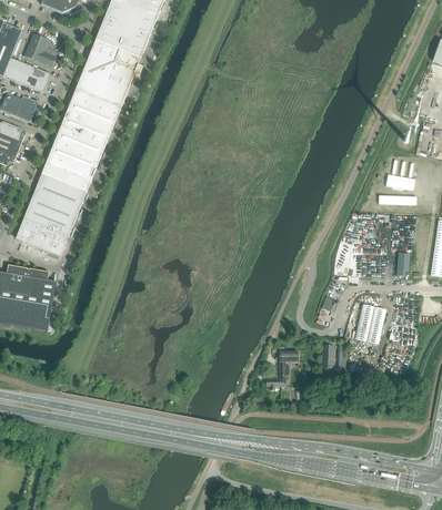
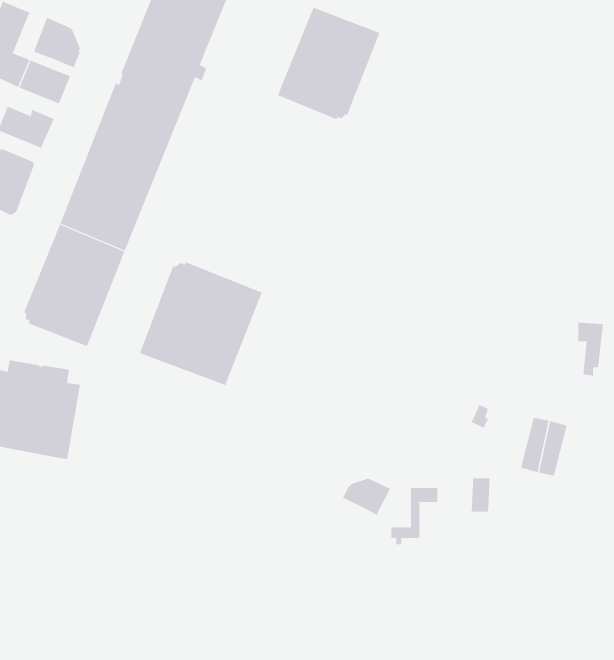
building: none -> [277,7,380,120]
building: none -> [139,262,262,386]
building: none -> [342,478,391,515]

